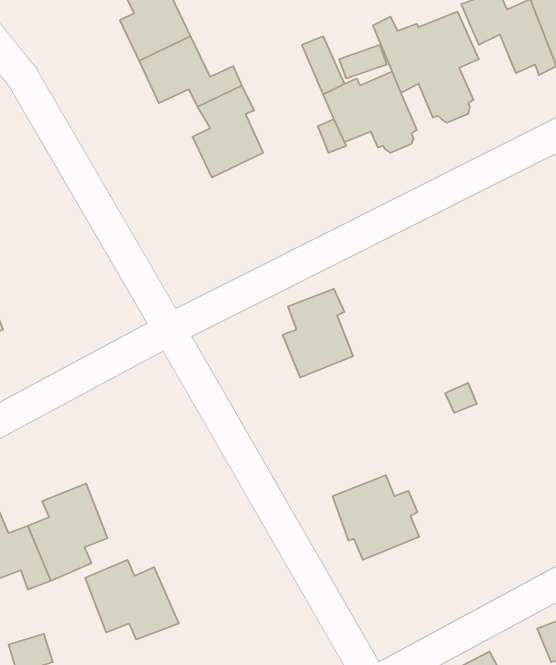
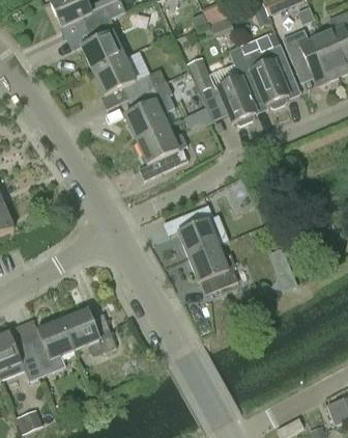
building: none -> [136,125,188,171]
building: [333,475,419,560] -> [187,244,238,294]
building: [85,560,179,640] -> [62,308,117,355]

